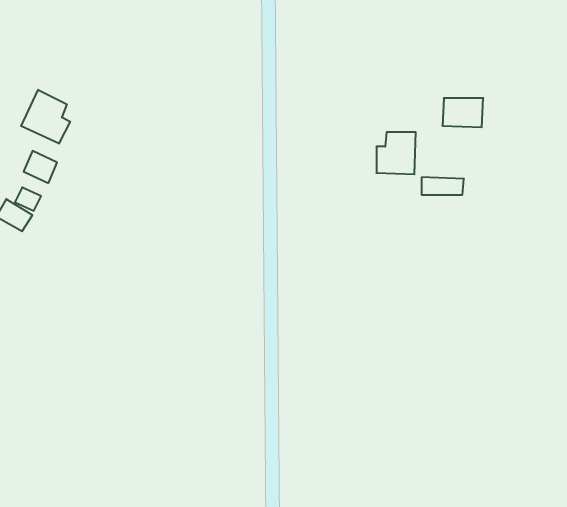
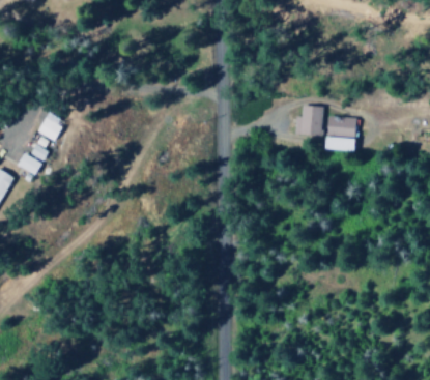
building: [21,90,70,144] -> none
building: [442,98,483,127] -> [325,117,354,138]

